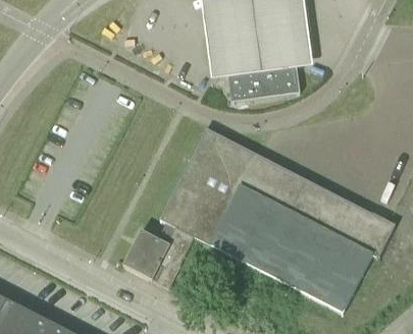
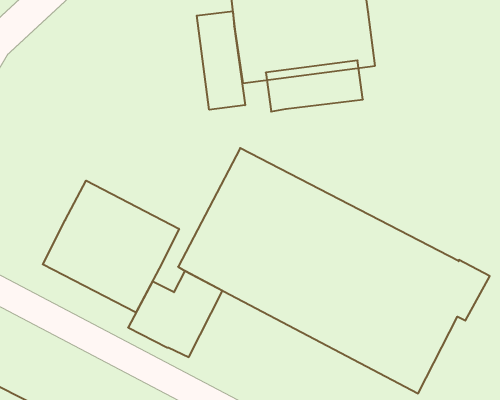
building: none -> [197,11,245,110]
building: none -> [43,181,179,313]

